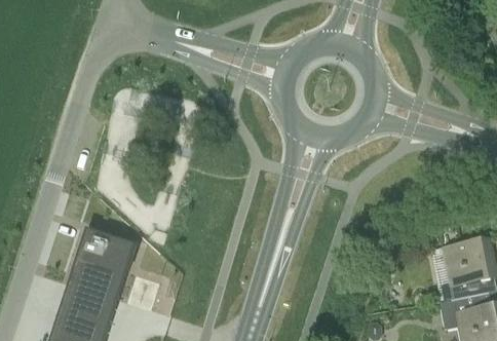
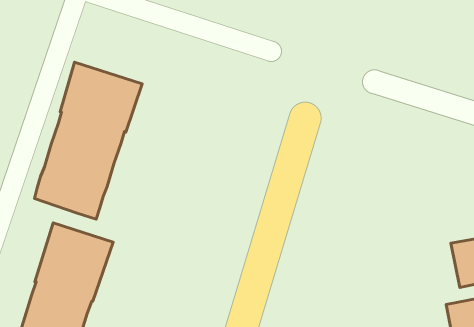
building: none -> [34,62,142,219]

